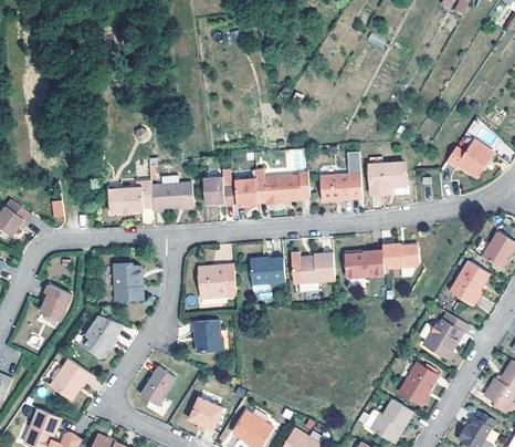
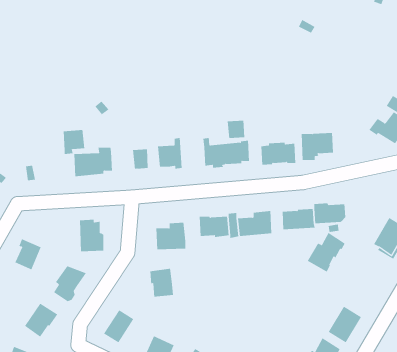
building: [233,179,256,207] -> none
building: [150,183,176,211] -> [63,129,85,154]
building: [423,312,467,358] -> [307,232,345,272]

